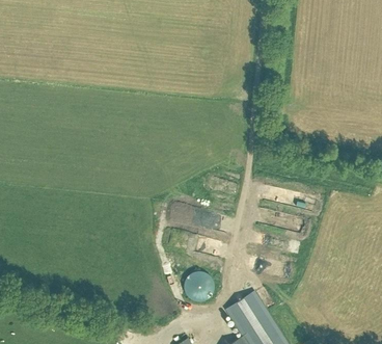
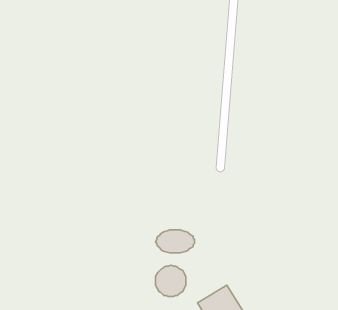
building: none -> [155,230,194,253]

